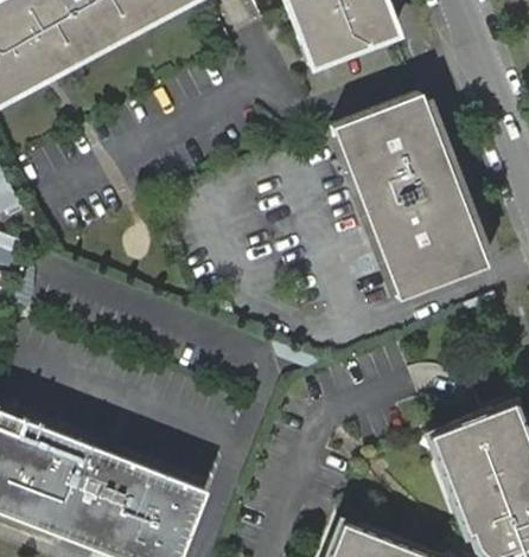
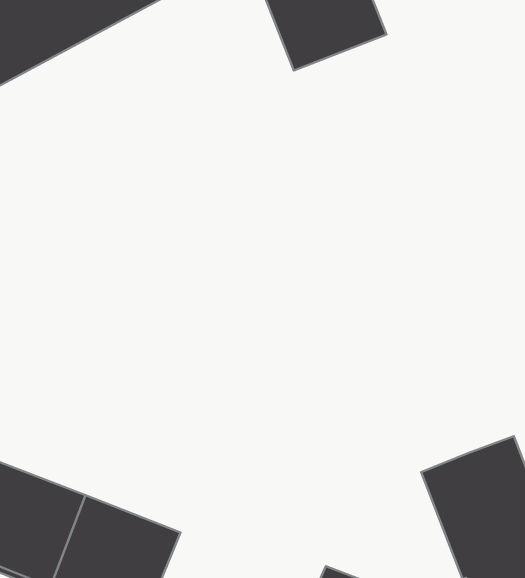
building: [334,95,490,301] -> none

